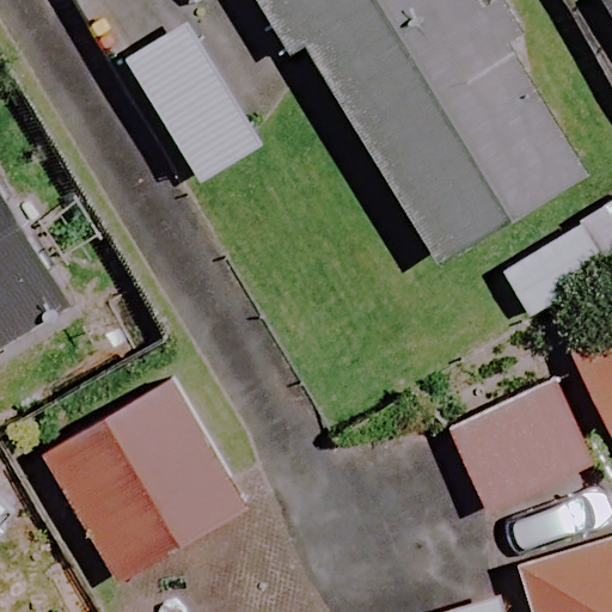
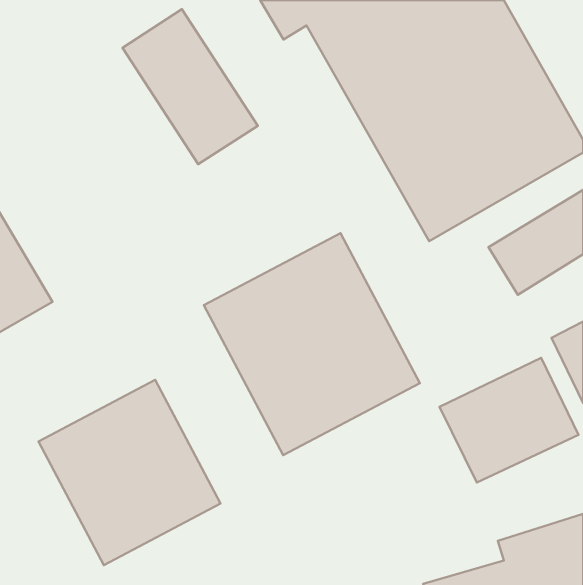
building: none -> [204,233,420,455]

